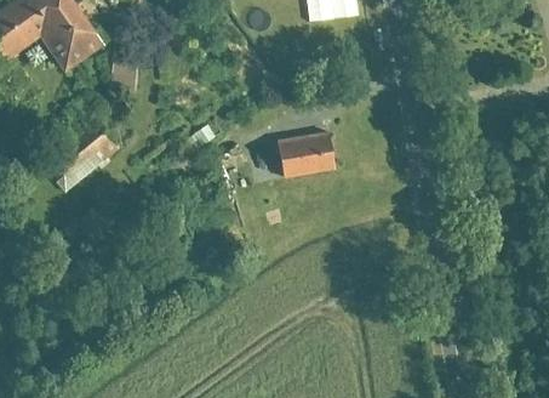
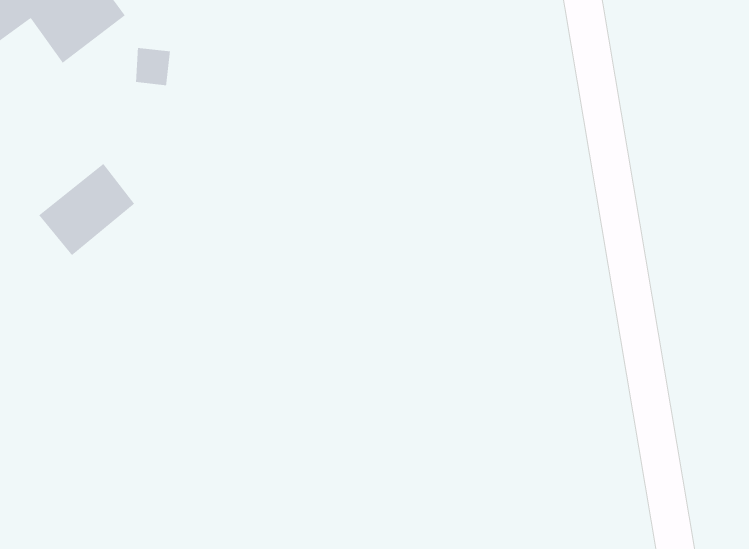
building: [280,130,341,175] -> none

